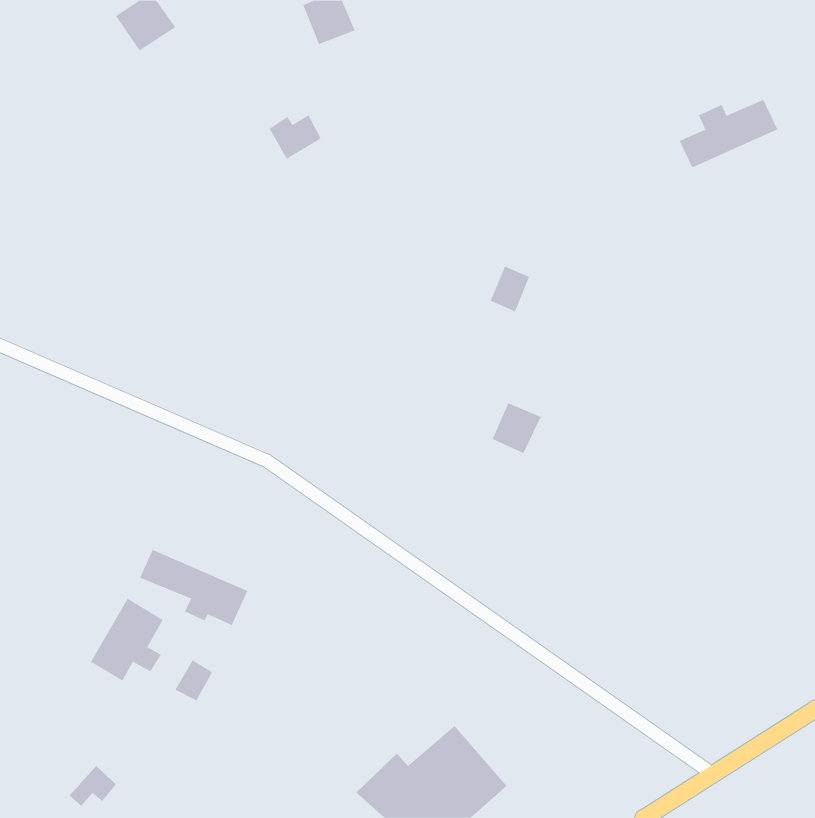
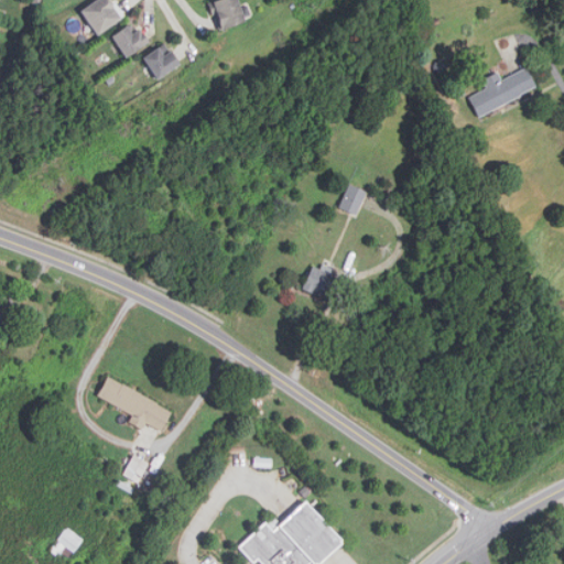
building: none -> [111,26,148,57]
building: [269,115,322,159] -> [143,48,180,79]
building: [492,403,542,454] -> [301,262,335,297]
building: [90,598,164,682] -> none

